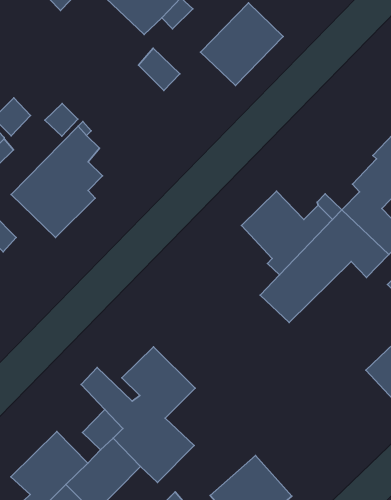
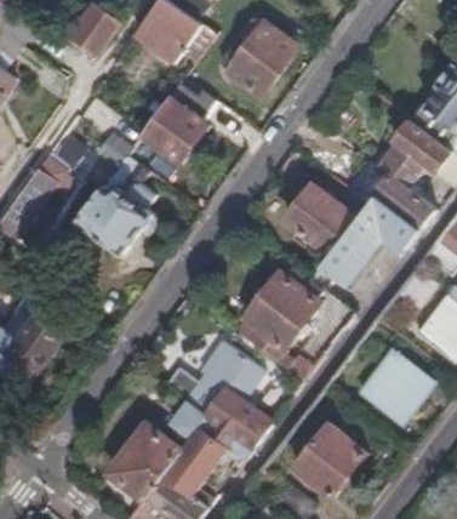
building: none -> [141,96,208,165]
building: none -> [236,268,321,369]
building: none -> [358,350,429,422]

